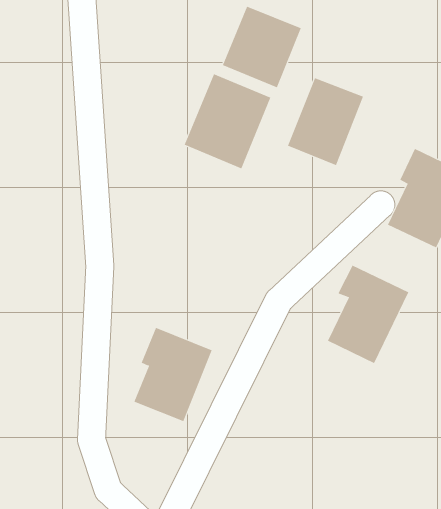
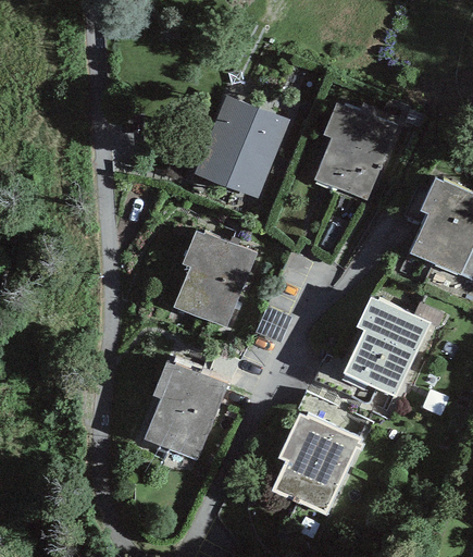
building: [222,6,301,88] -> none
building: none -> [175,228,259,327]
building: none -> [273,412,354,511]

